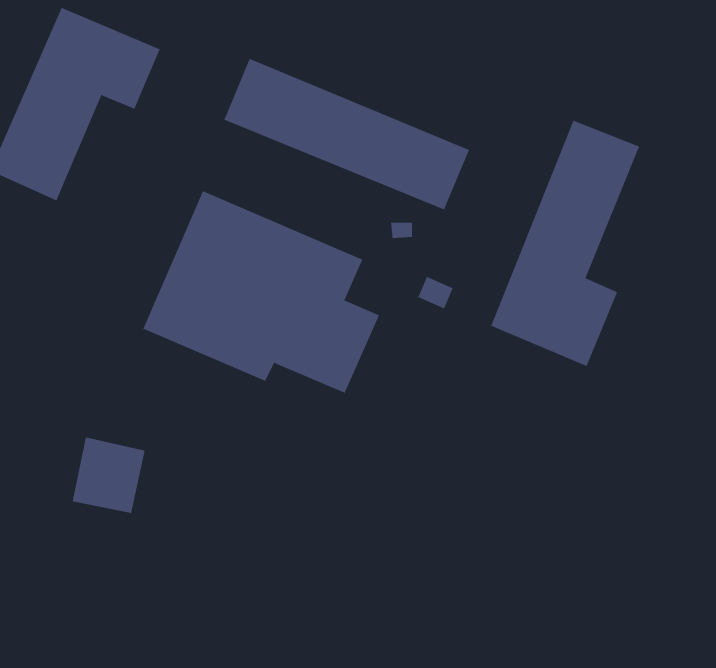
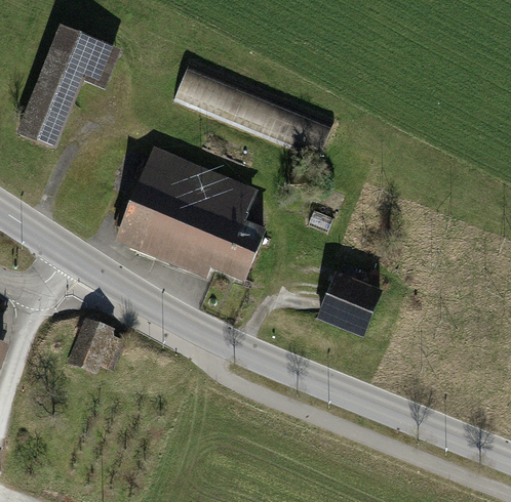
building: [491,120,640,367] -> none
building: none -> [316,274,385,336]

